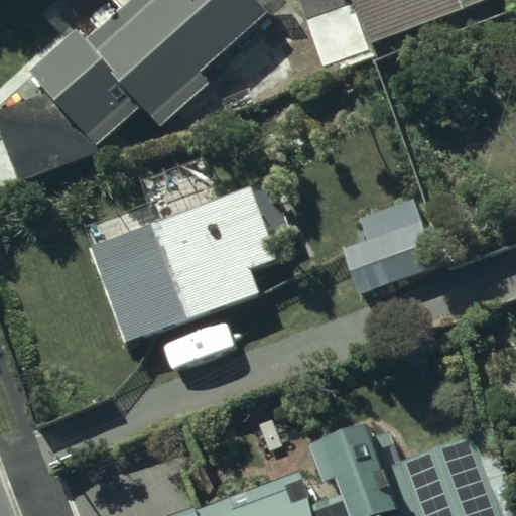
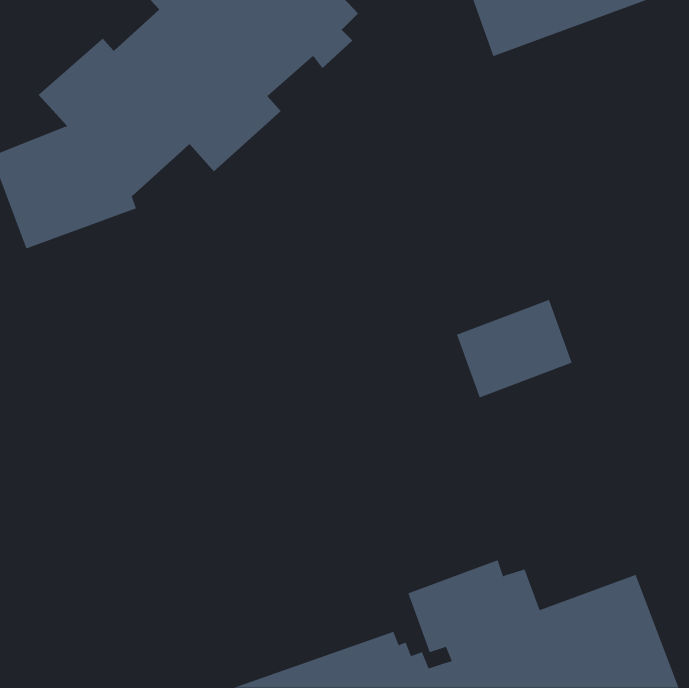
building: [89,181,286,344] -> none

